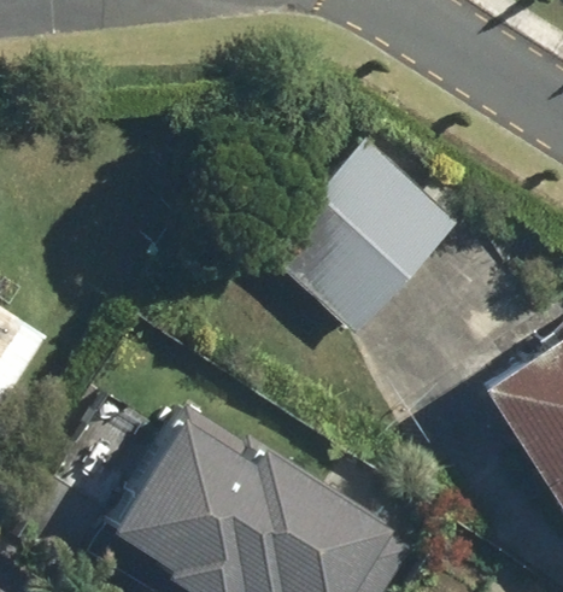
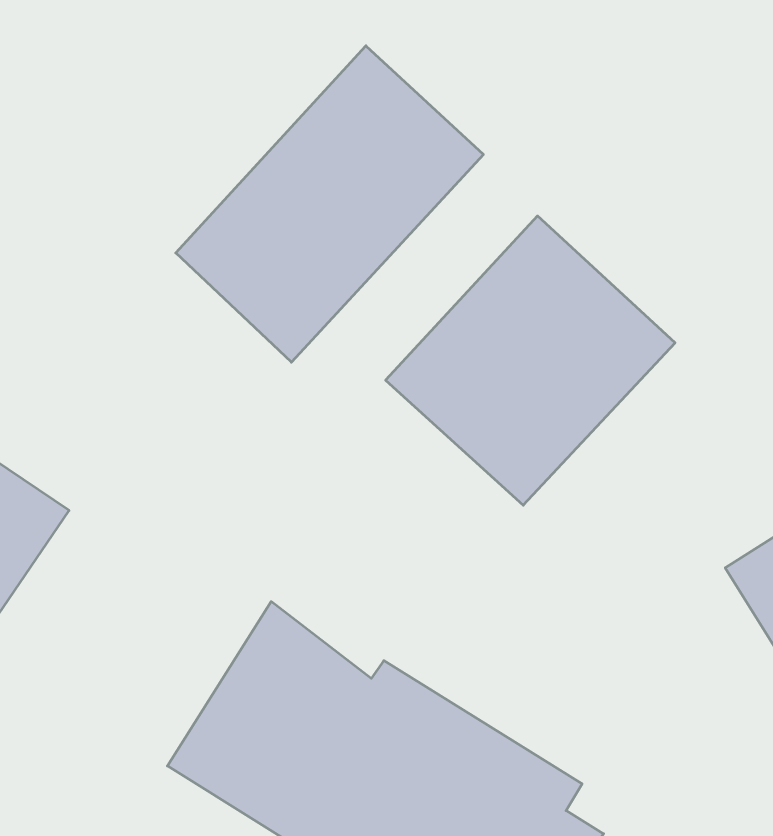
building: none -> [176,46,483,362]

